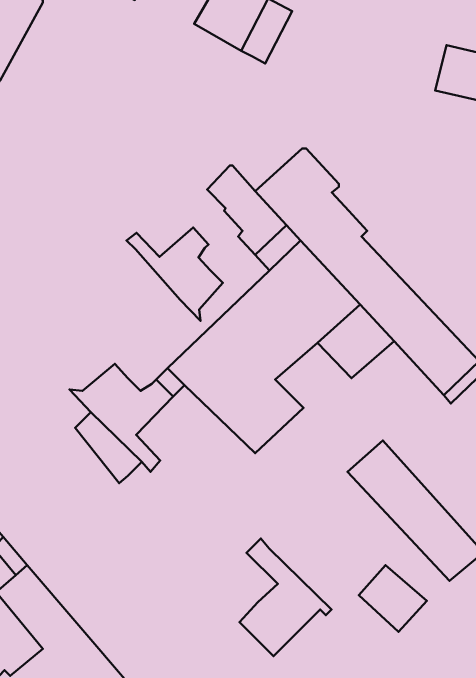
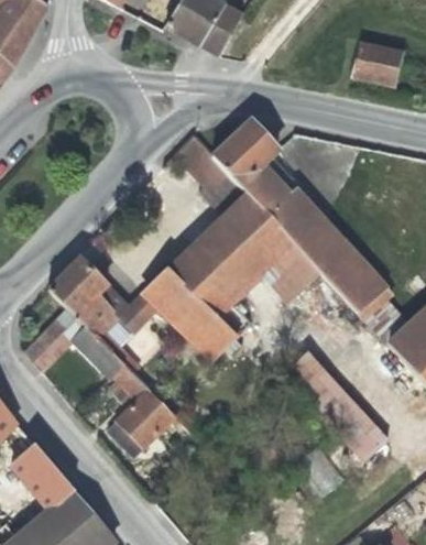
building: [127,228,223,321] -> none
building: none -> [51,249,113,310]
building: none -> [26,309,85,369]
building: [240,539,332,656] -> [108,366,179,457]

